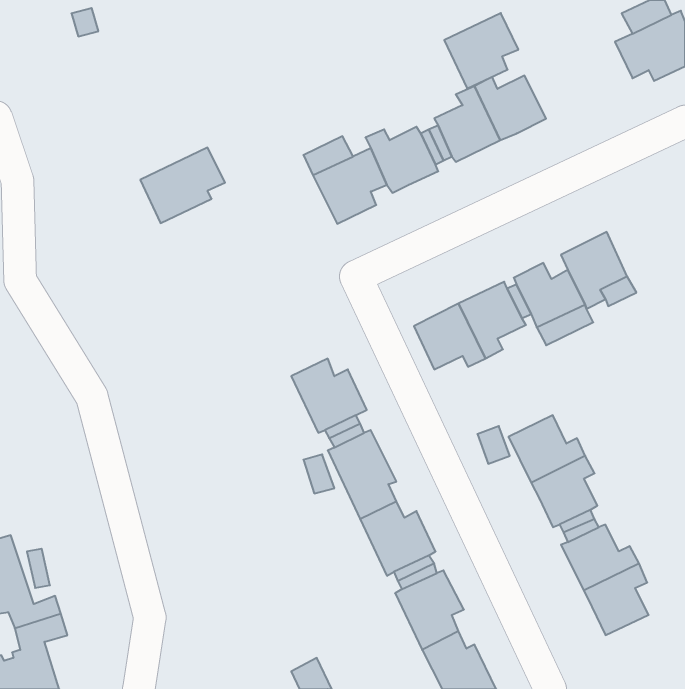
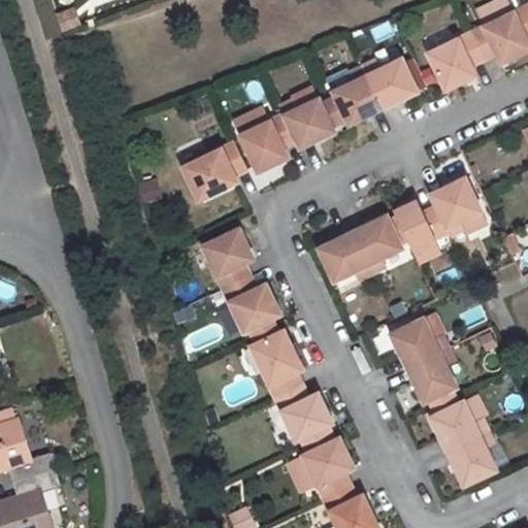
building: [444,13,518,89] -> [427,32,484,90]
building: [140,148,225,223] -> [183,141,248,199]
building: none -> [202,227,254,288]

